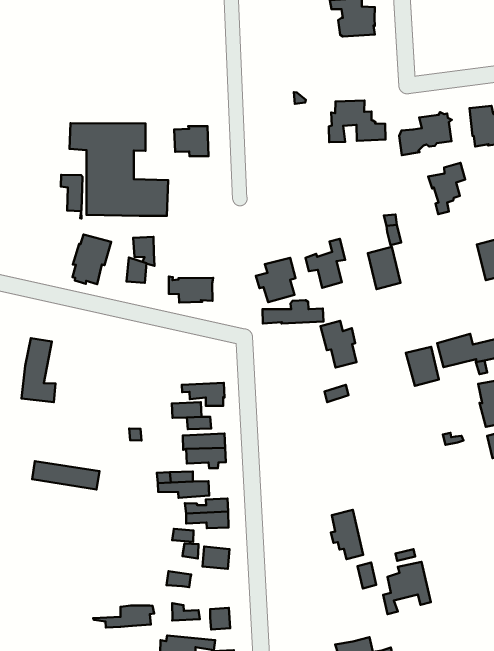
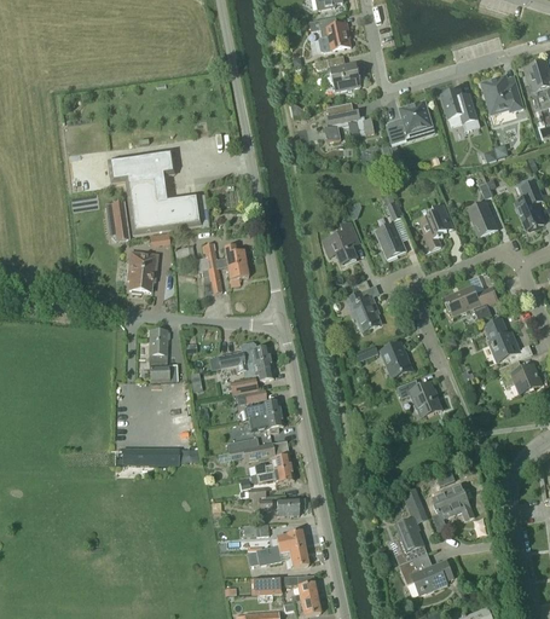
building: none -> [315,56,361,91]
building: [174,126,209,156] -> none
building: [428,163,465,214] -> [417,203,448,249]
building: none -> [202,242,245,268]
building: [256,258,295,302] -> none
building: [262,300,324,324] -> [218,342,271,368]
building: [21,338,55,402] -> [149,329,178,381]
building: [406,347,439,386] -> [380,342,411,377]
building: none -> [396,378,441,417]
building: [331,510,363,559] -> [395,516,427,559]
building: [93,605,154,627] -> [255,531,306,555]

